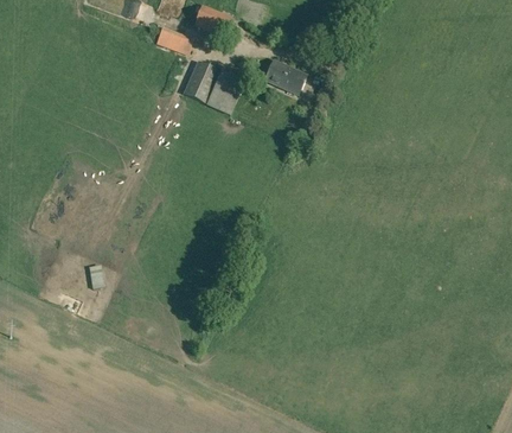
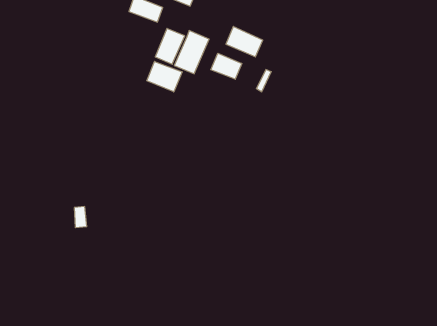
building: none -> [211,53,242,79]
building: none -> [147,61,182,92]

